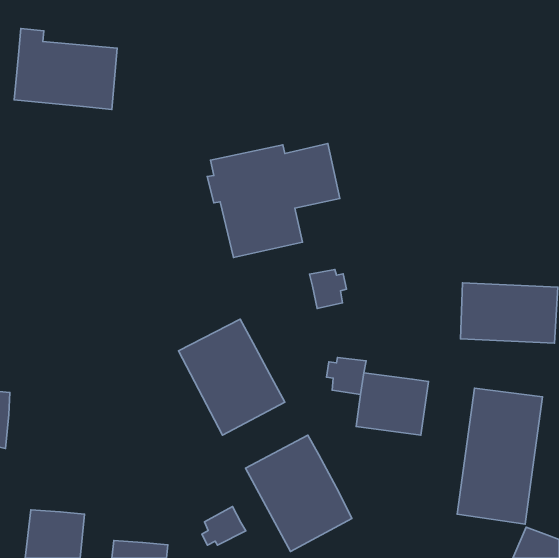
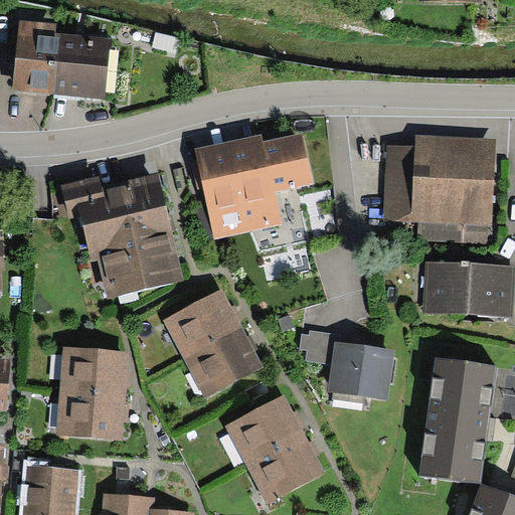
building: none -> [382,131,496,241]
building: none -> [61,178,183,301]
building: [309,270,346,309] -> none
building: none -> [60,351,123,432]
building: [202,507,246,545] -> none

